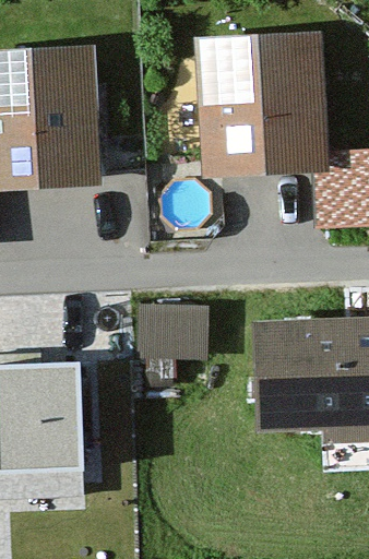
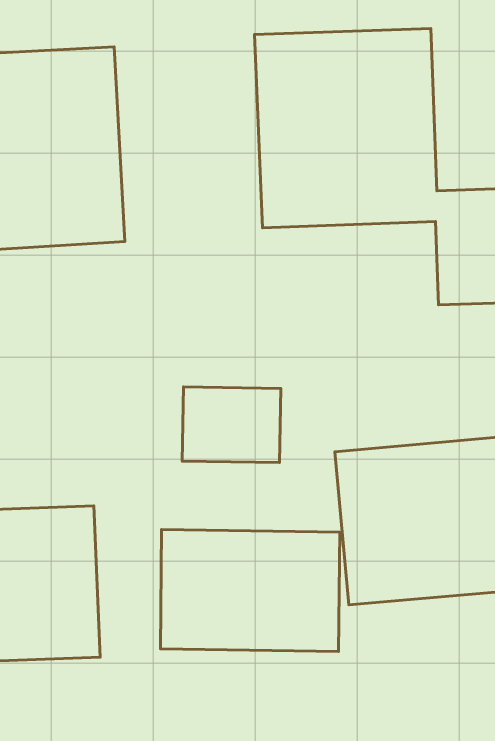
building: none -> [160,529,340,652]

